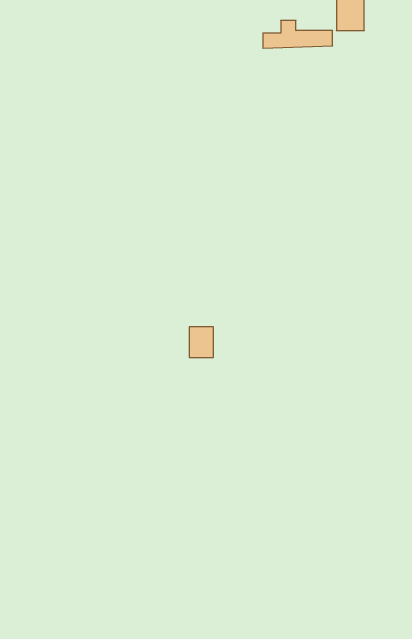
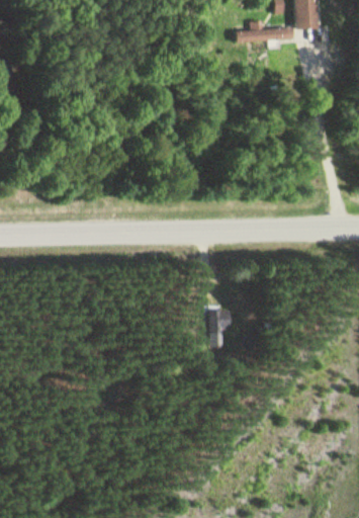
building: [189,327,213,357] -> [208,309,228,333]

